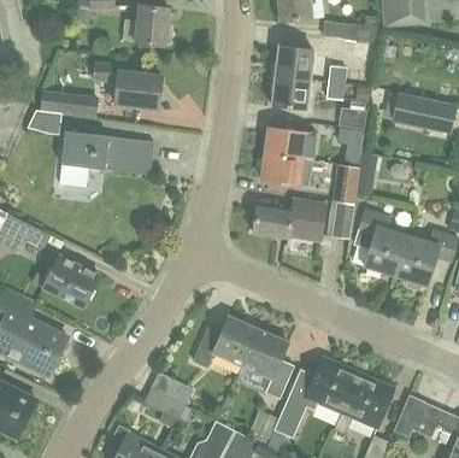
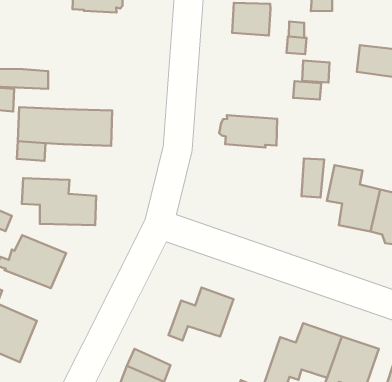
building: [93,63,161,108] -> none
building: [271,75,310,110] -> none
building: [264,125,316,160] -> none
building: [325,162,359,202] -> none
building: [252,196,326,242] -> none
building: none -> [22,178,96,225]
building: [242,330,294,398] -> none

